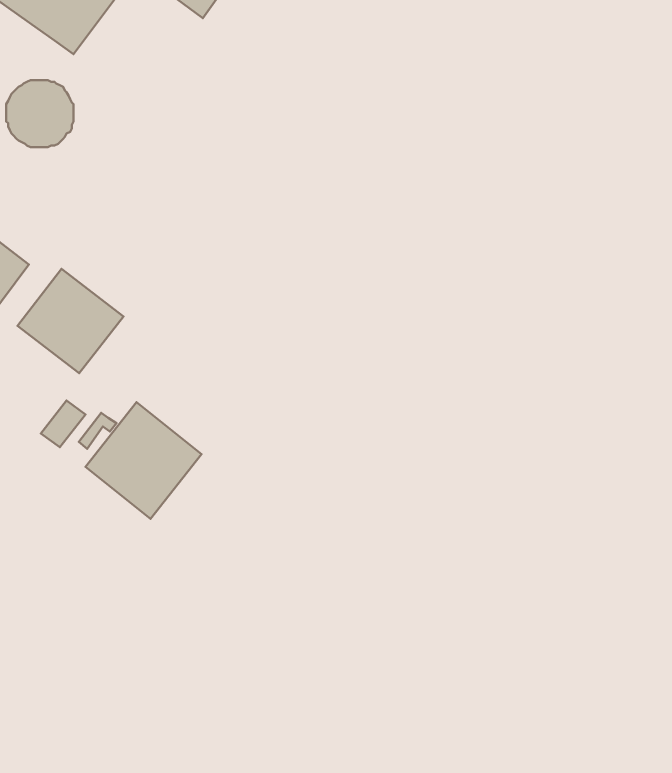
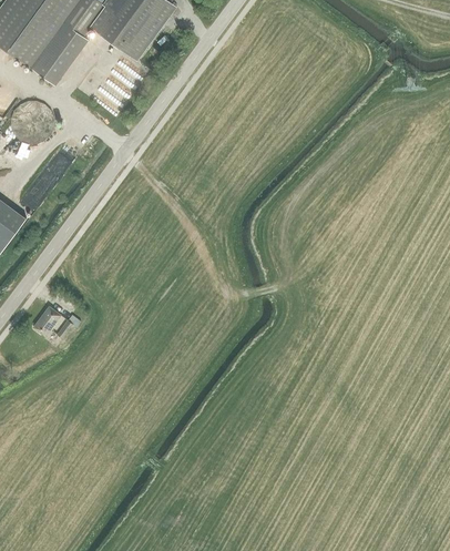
building: [17,269,123,373] -> none
building: [85,402,201,519] -> none

